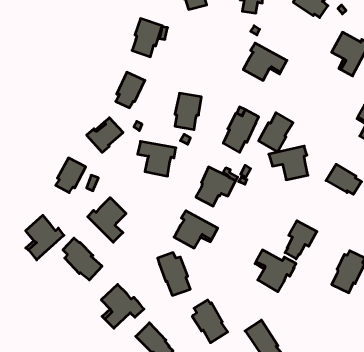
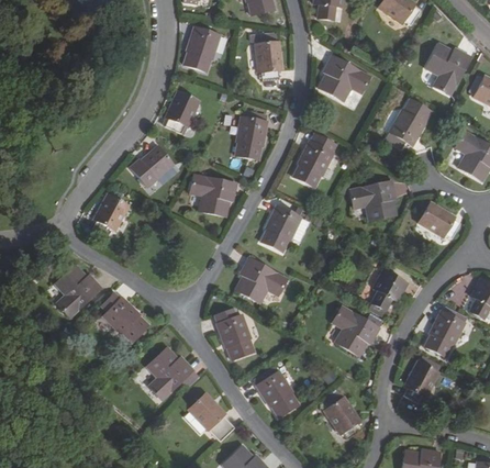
building: none -> [250,32,281,80]
building: [259,113,293,152] -> [389,98,431,145]
building: [88,198,126,242] -> none
building: none -> [402,357,439,403]

